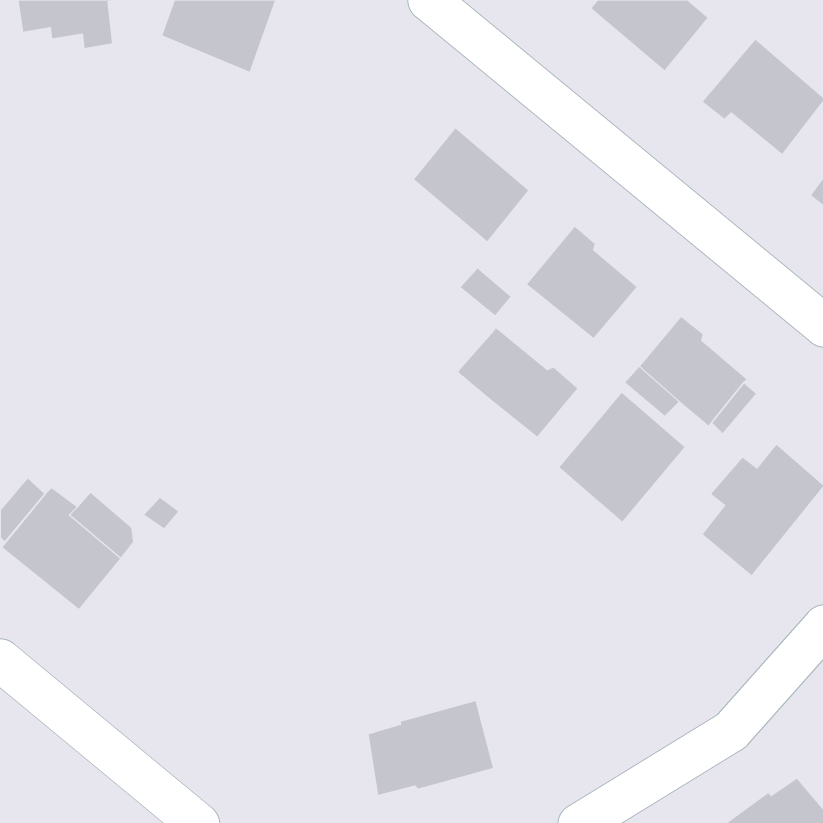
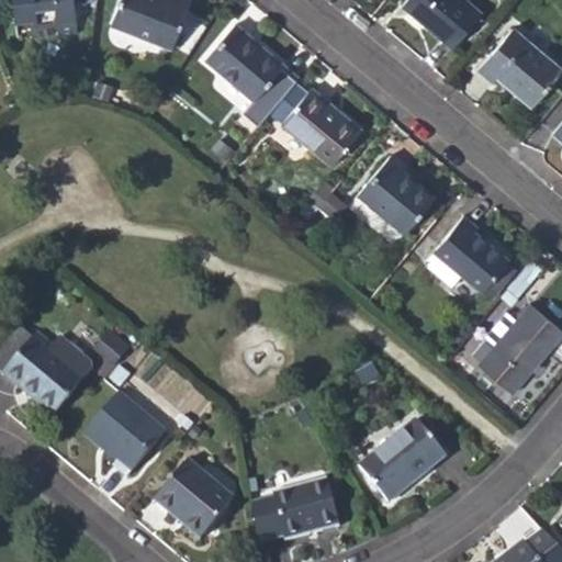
building: none -> [205,23,295,124]
building: [457,327,578,437] -> none
building: [558,392,686,523] -> none
building: none -> [83,390,166,476]
building: none -> [359,419,446,503]
building: none -> [154,460,234,538]

